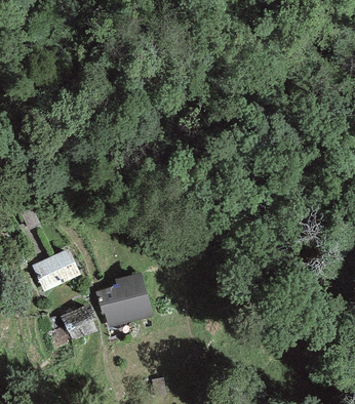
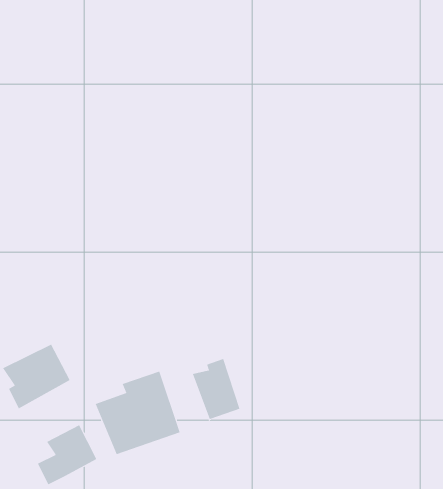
building: none -> [192,358,240,420]

